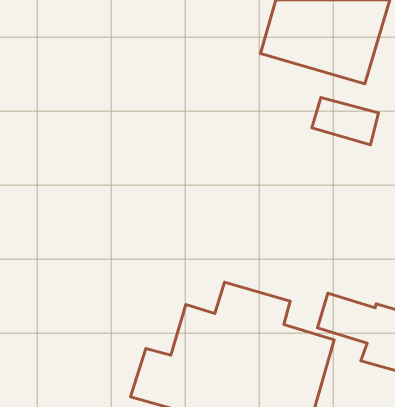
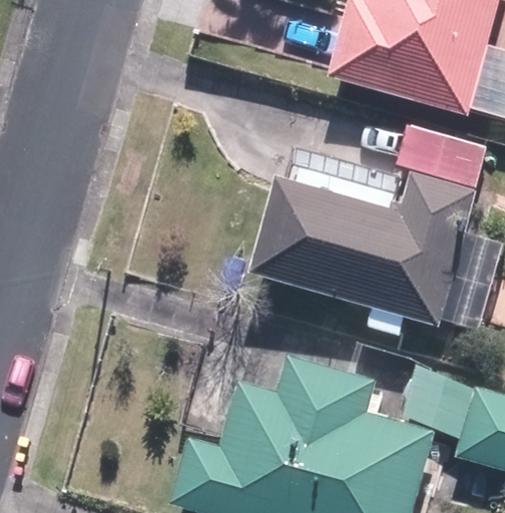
building: none -> [262,177,477,337]

